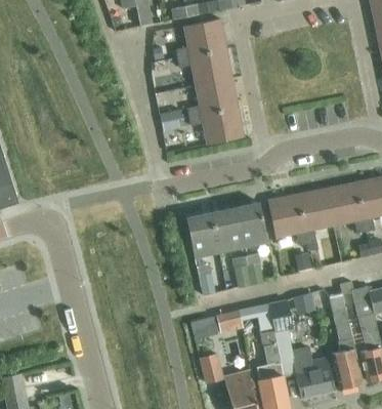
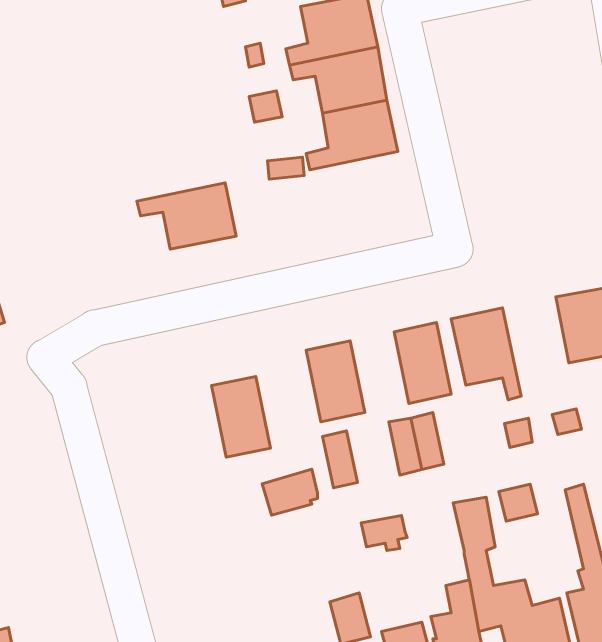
building: [188,108,244,145] -> [137,183,236,249]
building: [296,189,333,244] -> none
building: [211,208,244,253] -> [212,376,270,457]
building: [240,303,274,332] -> none
building: [189,315,220,340] -> [262,469,317,515]

